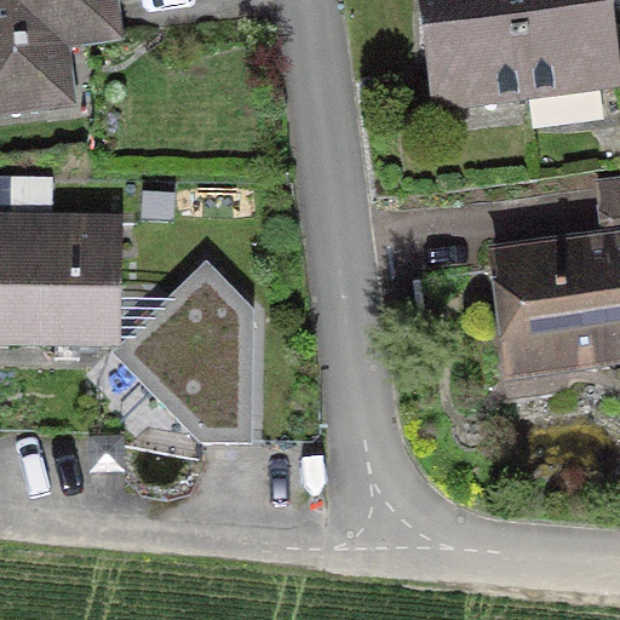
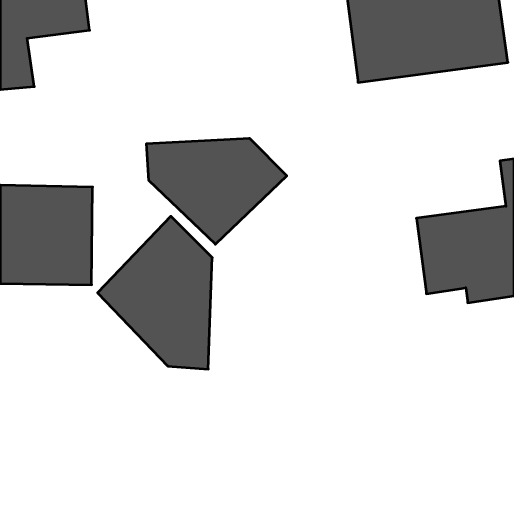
building: none -> [147,138,287,244]

